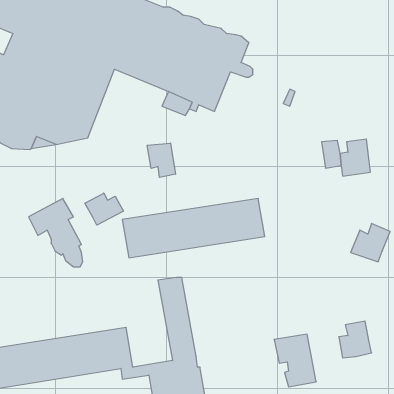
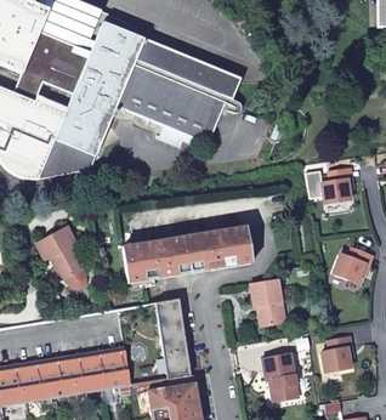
building: [147,143,175,177] -> none
building: [85,193,123,225] -> none
building: none -> [250,276,286,323]

